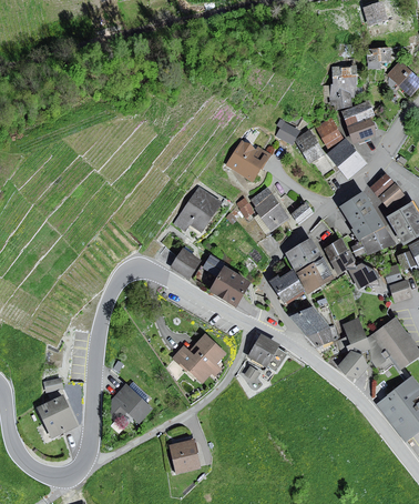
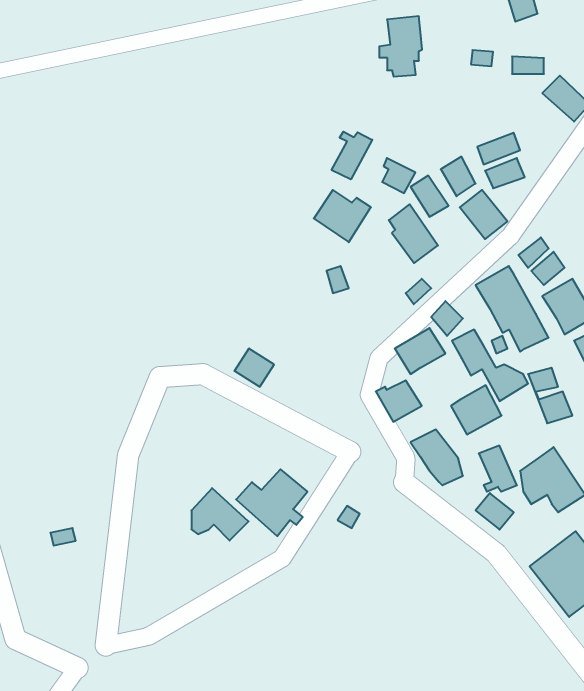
building: [326,64,356,107] -> [379,16,422,77]
building: none -> [332,132,372,179]
building: [253,188,287,229] -> [389,204,438,263]
building: [175,189,221,230] -> none
building: [296,255,331,290] -> [451,385,502,434]
building: [211,268,248,303] -> none
building: [249,335,279,366] -> none
building: [111,384,151,421] -> [191,488,249,541]
building: [38,395,75,435] -> none
building: [171,439,198,471] -> none

